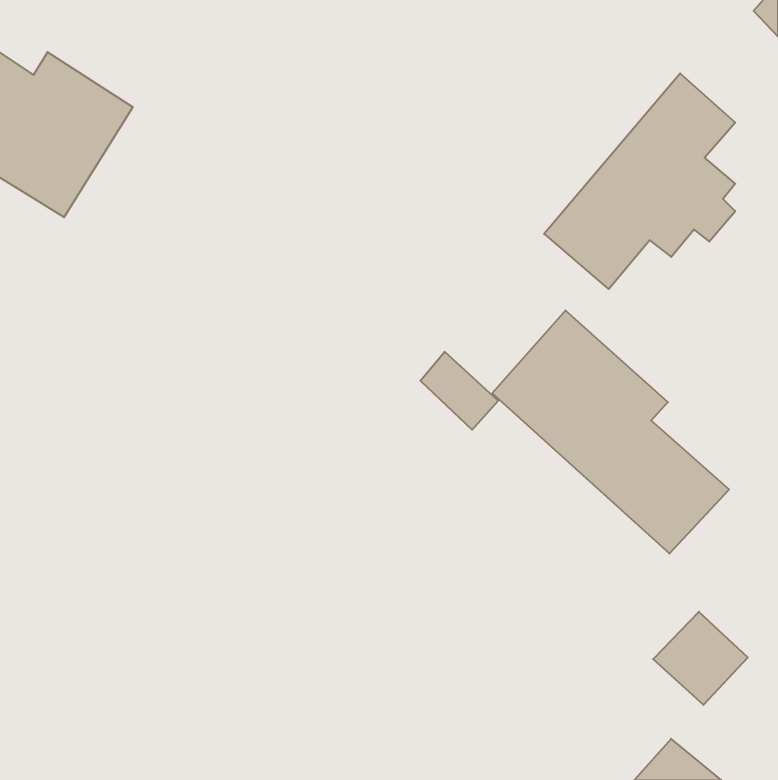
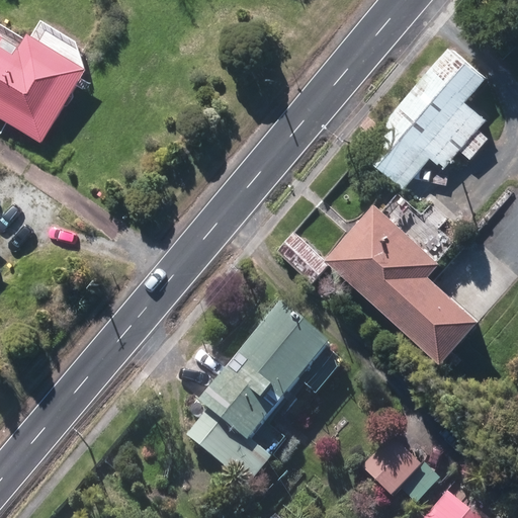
building: none -> [184,299,328,486]
building: [653,612,748,705] -> [356,433,419,495]

